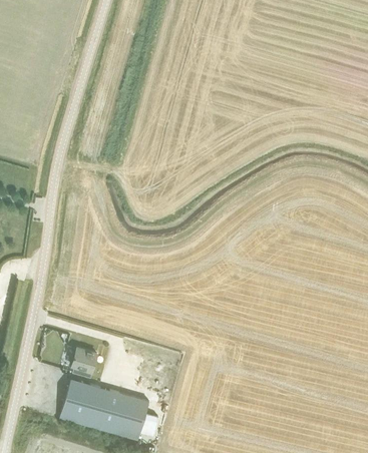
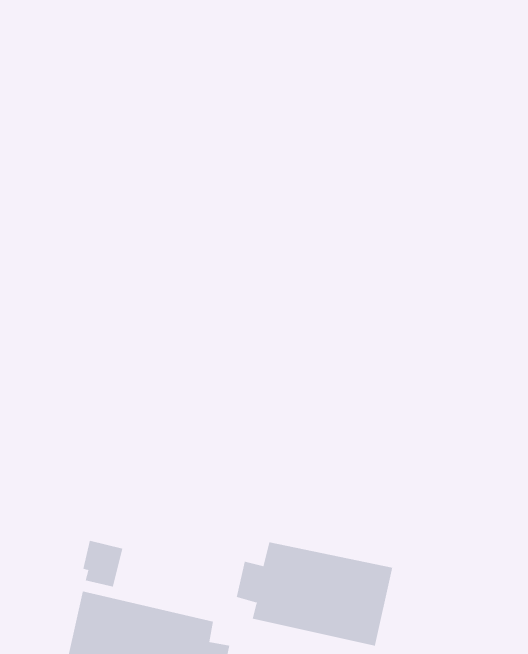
building: none -> [236,542,393,646]

